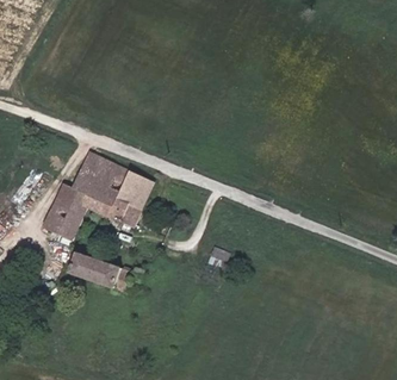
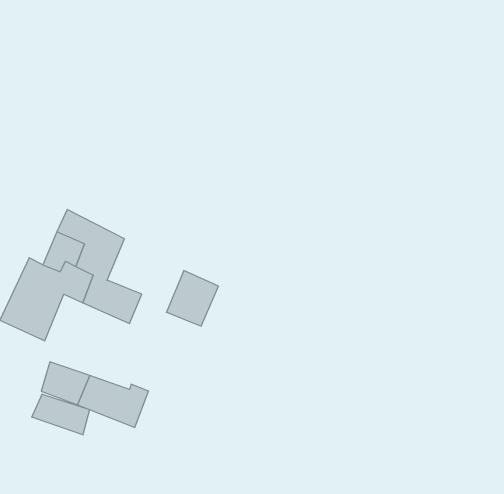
building: [116,169,151,207] -> [166,271,218,326]
building: none -> [32,394,89,435]

